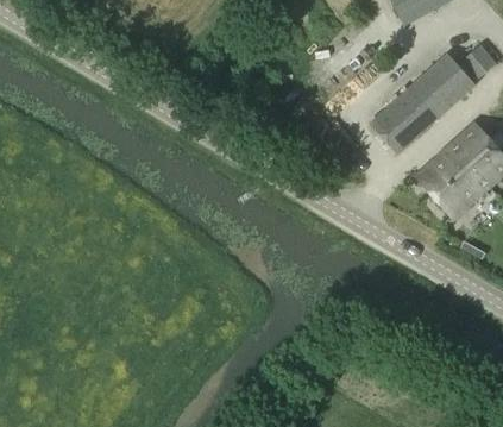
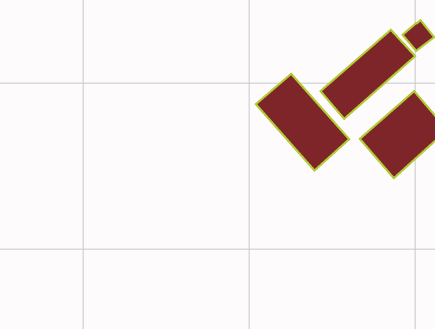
building: none -> [256,74,349,170]

